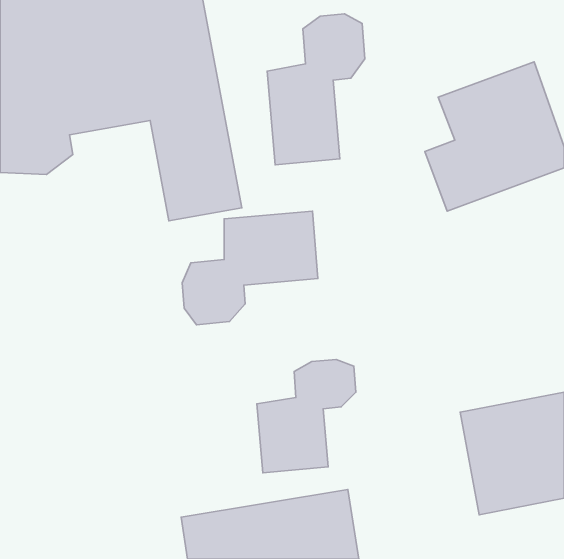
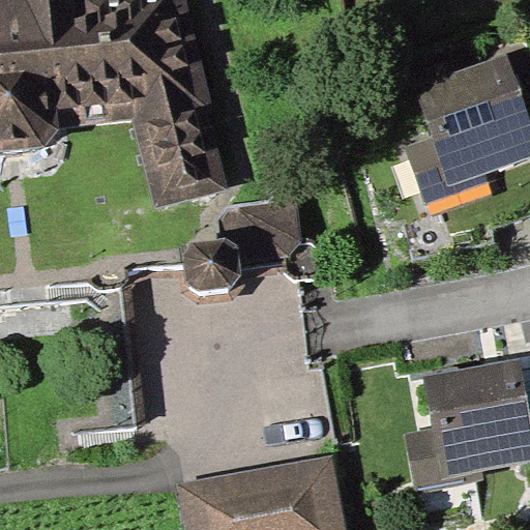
building: [267,14,365,165] -> none
building: [257,359,356,473] -> none

